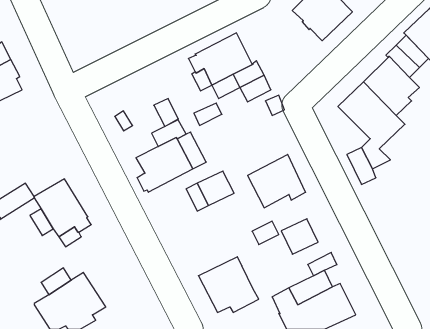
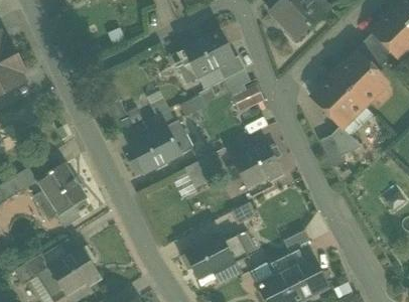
building: [281,219,318,254] -> [225,231,258,263]
building: none -> [14,254,50,286]

